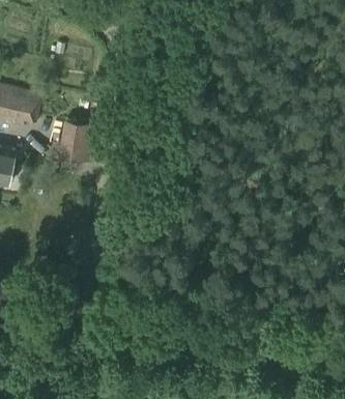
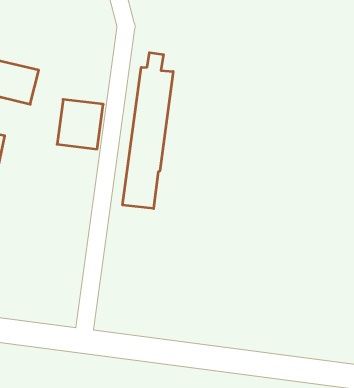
building: none -> [123,53,173,209]

